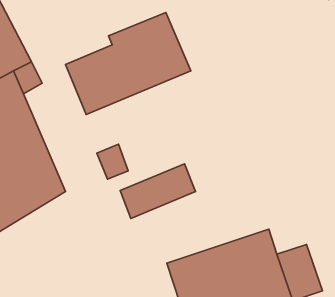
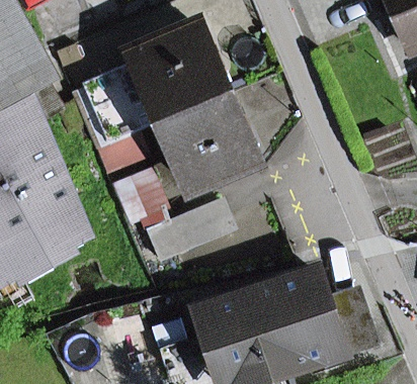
building: none -> [95,92,256,187]

